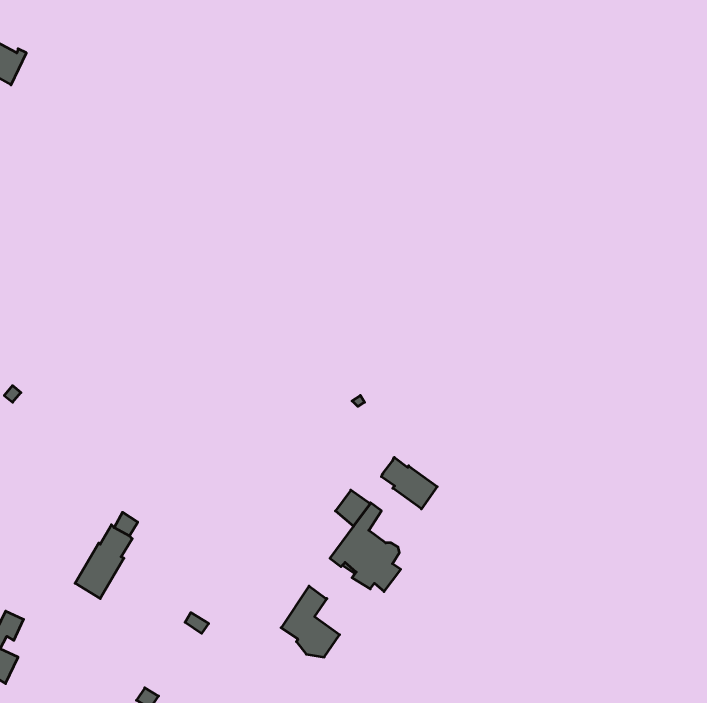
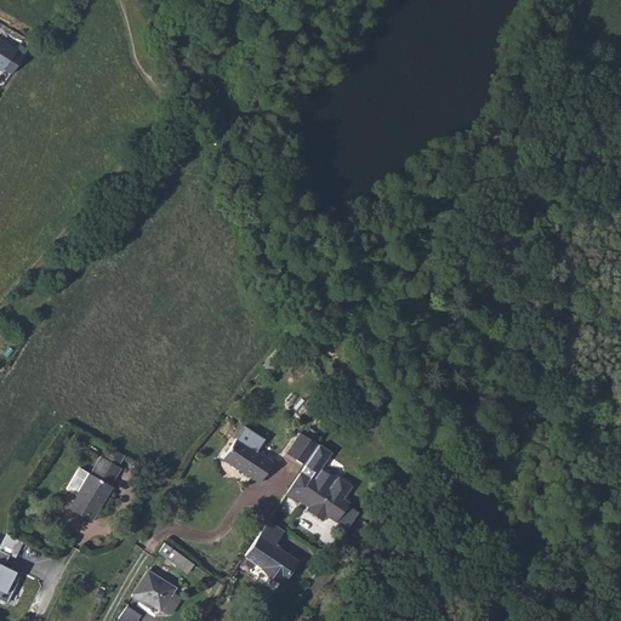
building: [381,457,437,509] -> none
building: none -> [227,437,277,480]
building: none -> [132,566,182,611]

